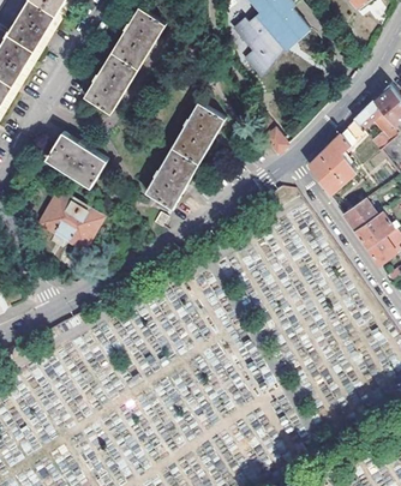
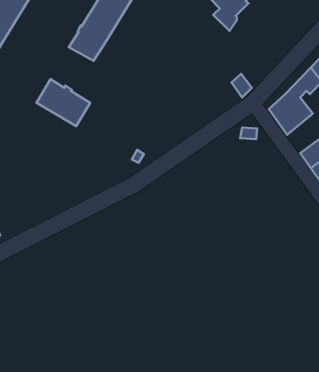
building: [143,102,226,208] -> none
building: [42,196,100,246] -> none

